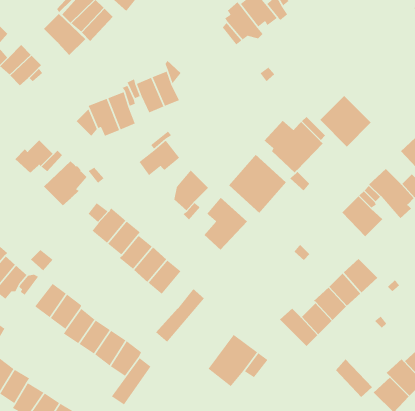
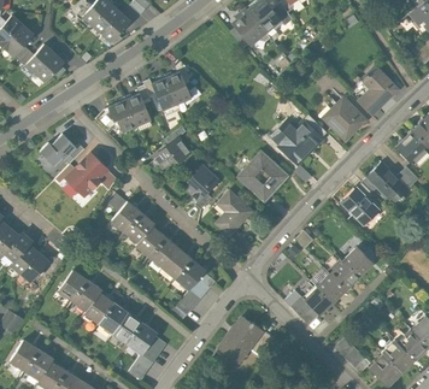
building: [43,13,86,56] -> none
building: none -> [357,66,400,116]
building: none -> [175,257,207,290]

